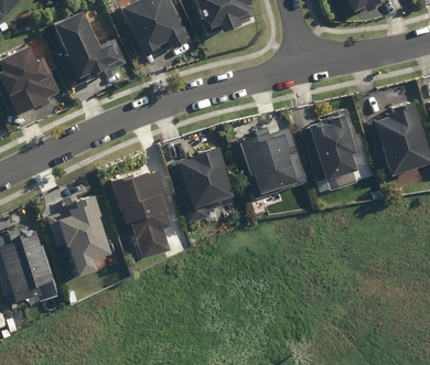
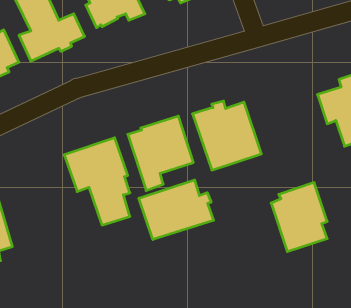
building: [301,111,358,182] -> [271,183,327,252]
building: [45,190,115,272] -> none
building: none -> [139,180,214,240]

